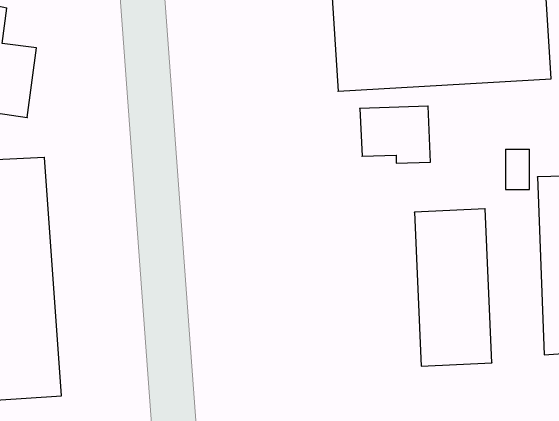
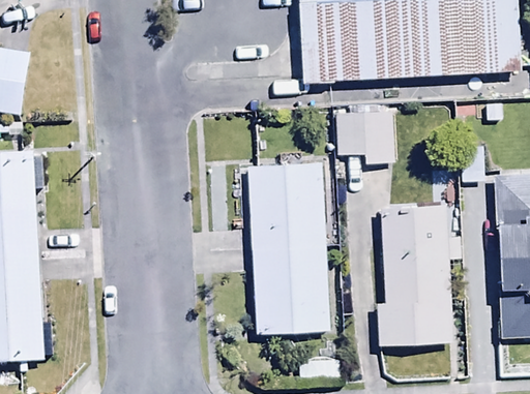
building: none -> [246,157,337,332]

